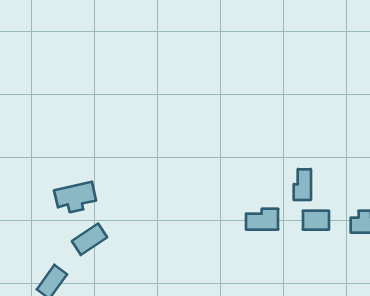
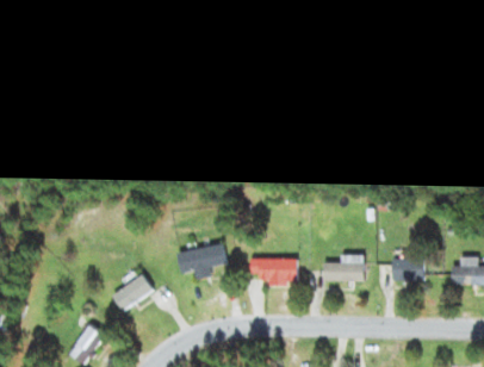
building: [294,169,311,200] -> none
building: [54,182,96,212] -> [178,243,229,280]
building: none -> [252,259,298,280]

